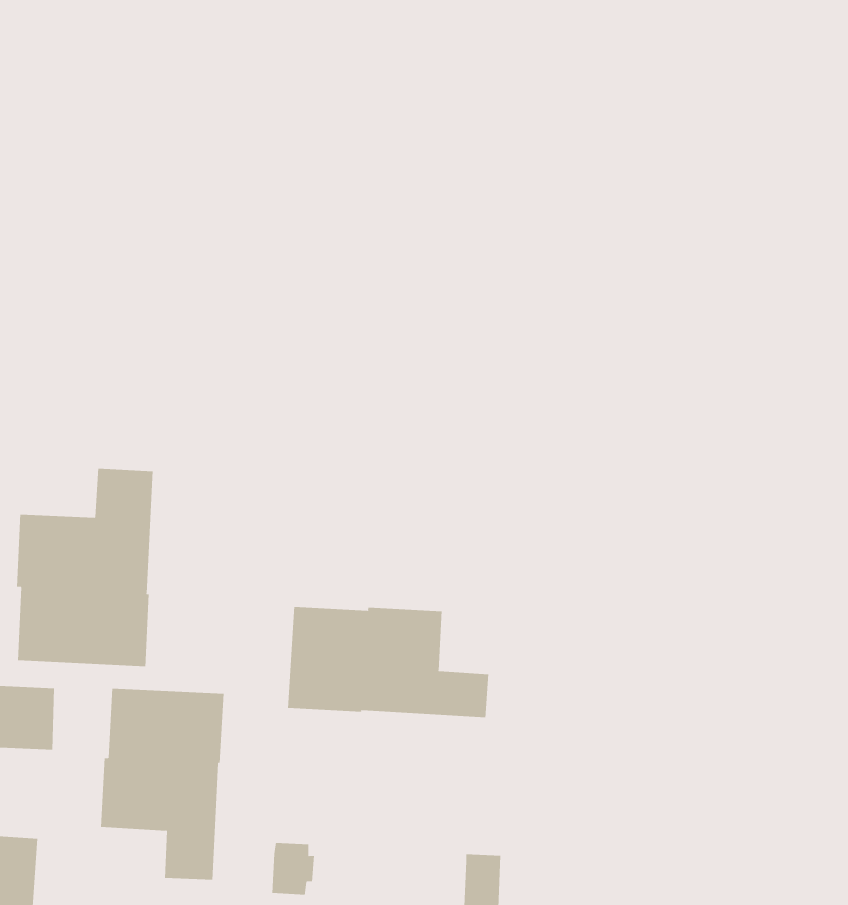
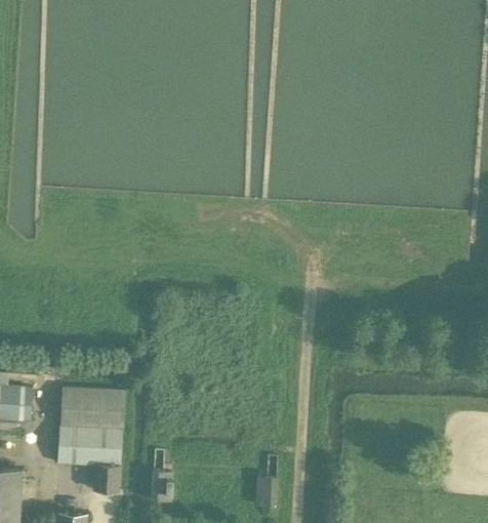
building: [17,468,153,667] -> none
building: [288,606,489,718] -> none

